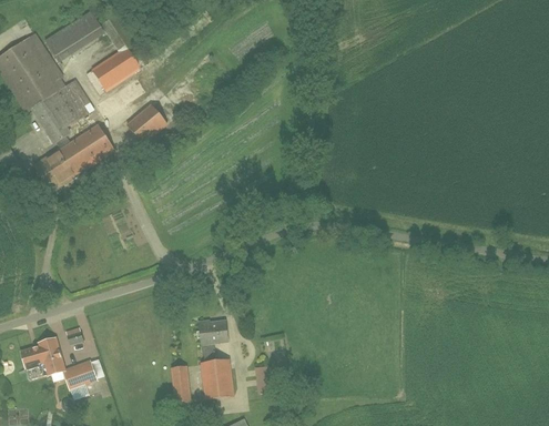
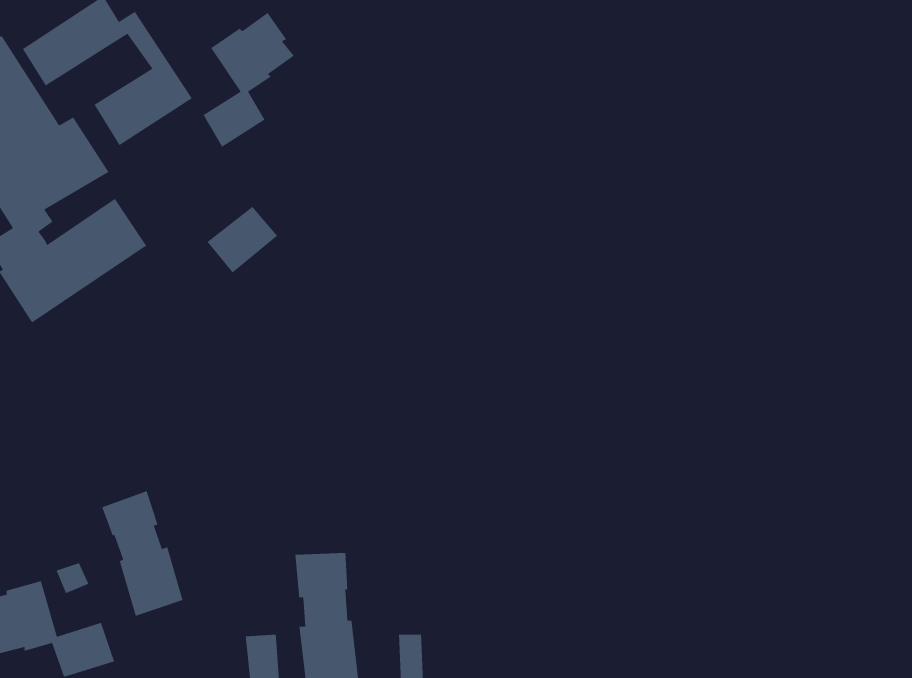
building: none -> [202,12,295,148]
building: [126,103,166,141] -> [207,206,278,274]
building: none -> [101,490,183,617]

